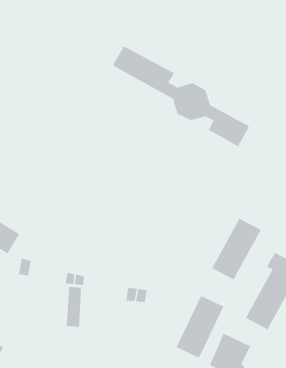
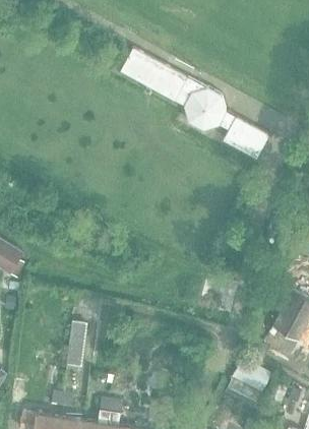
building: [212,218,261,280] -> none
building: [176,295,224,358] -> none

